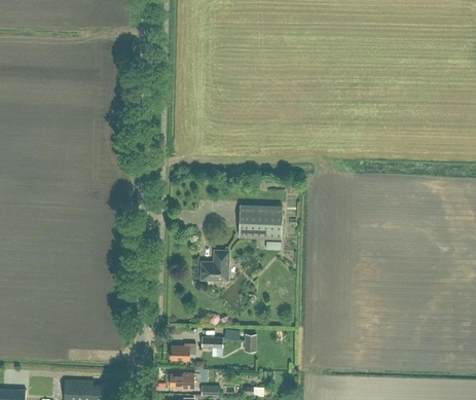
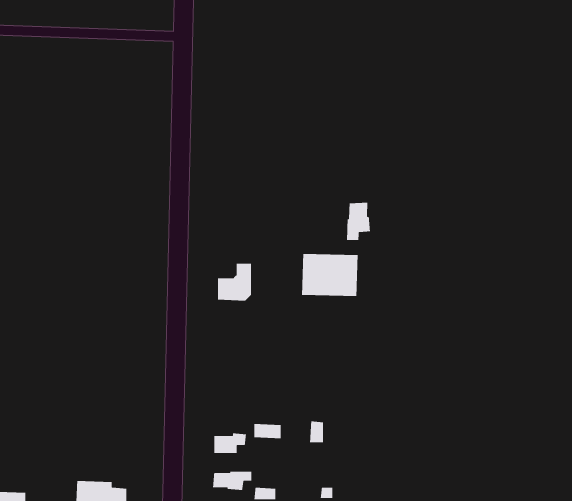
building: none -> [346,202,371,241]
building: [200,250,227,280] -> [217,263,252,301]

